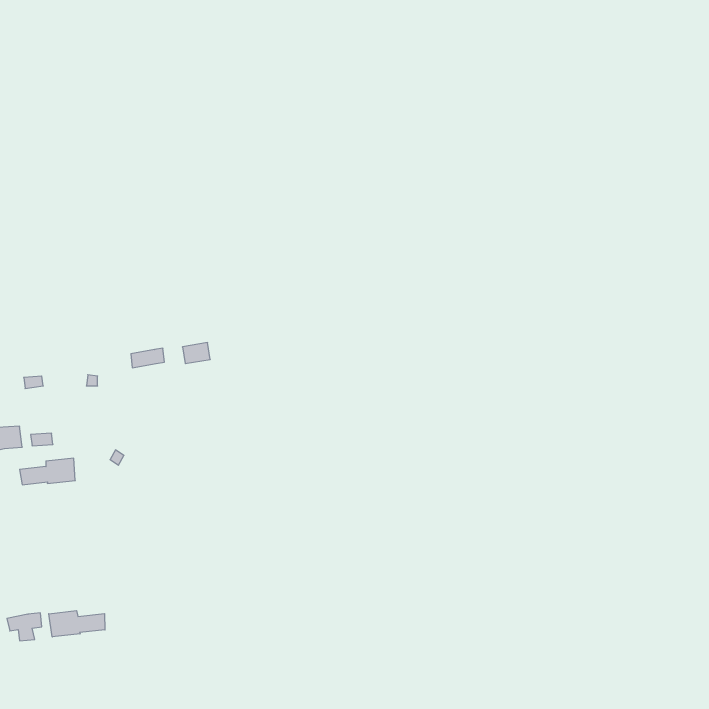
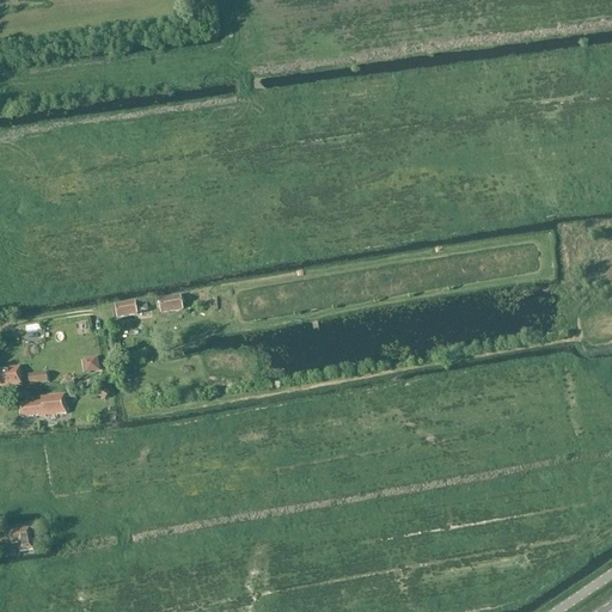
building: [49,611,105,637] -> none

